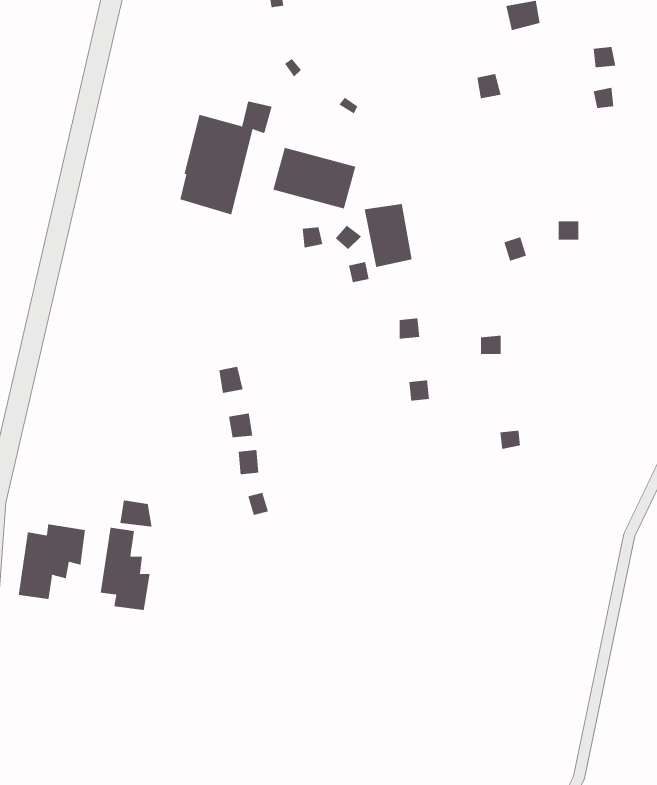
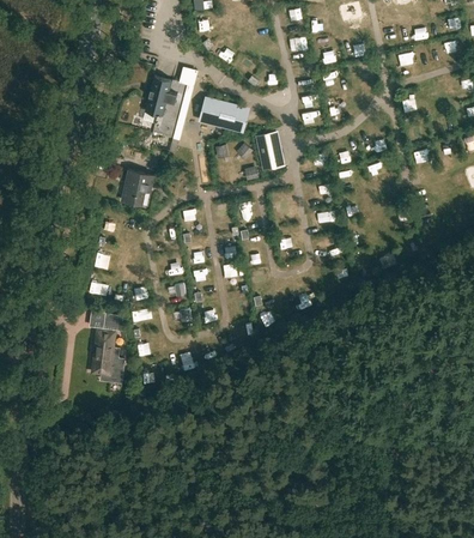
building: none -> [120,170,152,205]
building: [18,523,86,600] -> none

